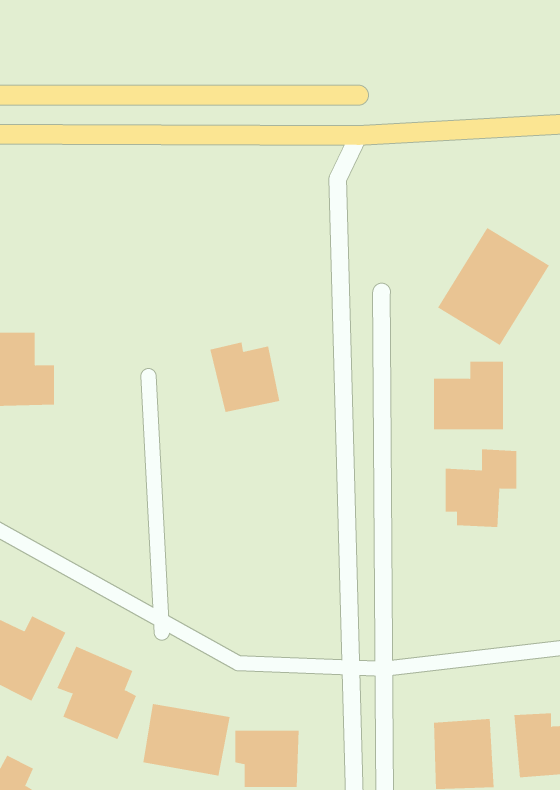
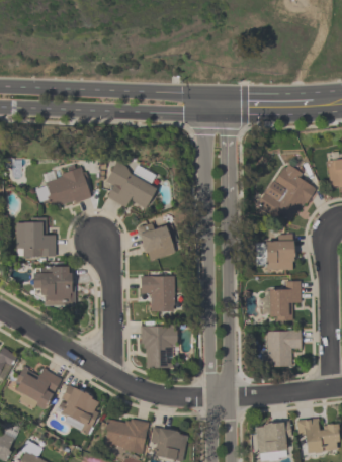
building: none -> [106,162,156,207]
building: none -> [36,168,90,208]
building: none -> [32,268,73,306]
building: none -> [140,276,174,313]
building: none -> [141,326,176,368]
building: none -> [267,331,301,368]

